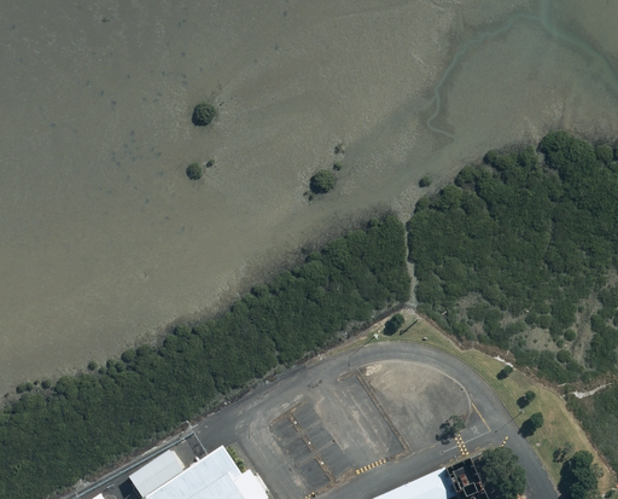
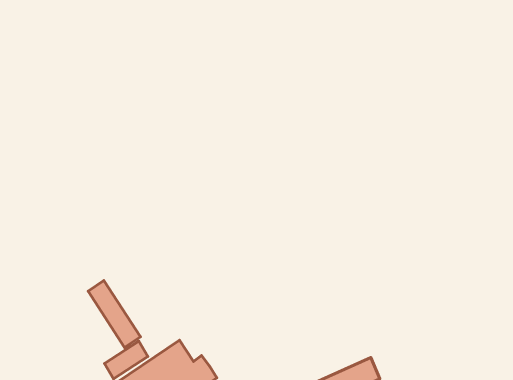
building: none -> [88,281,140,348]

